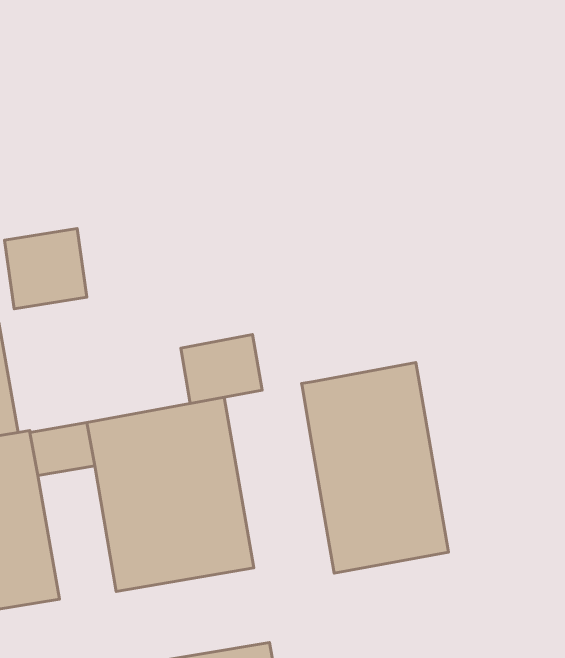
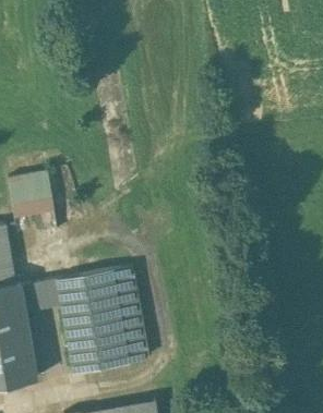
building: [181,335,262,403] -> none
building: [301,363,448,573] -> none

